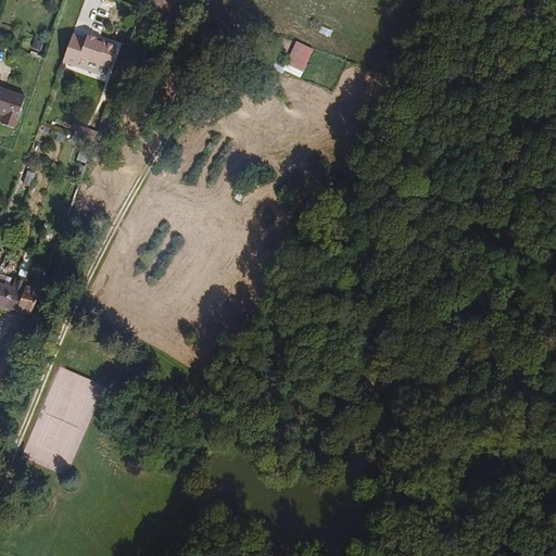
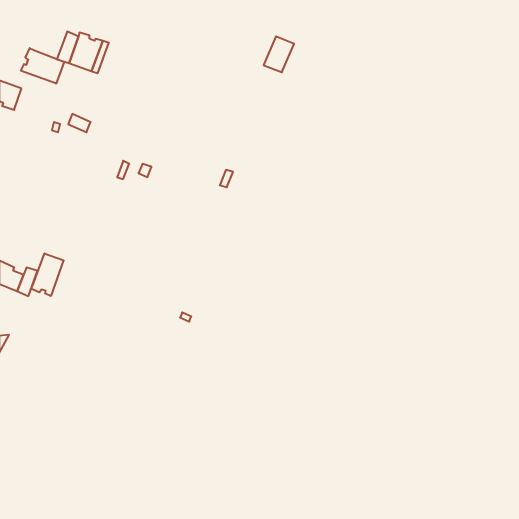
building: none -> [21,48,64,84]
building: none -> [31,253,64,296]

